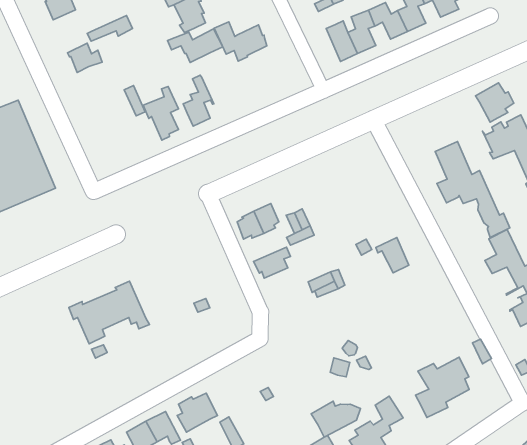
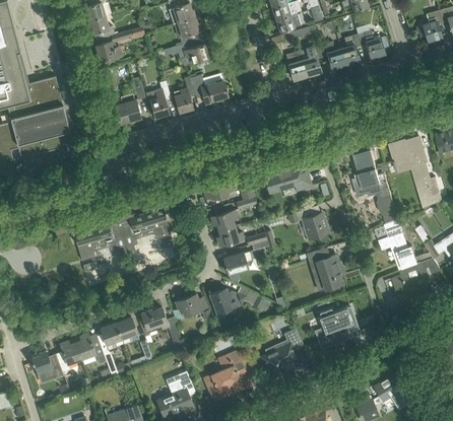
building: none -> [88,16,115,40]
building: [214,22,267,61] -> [191,75,228,104]
building: [476,83,514,122] -> none
building: none -> [115,93,140,124]
building: none -> [264,162,311,193]
building: none -> [118,205,171,253]
building: none -> [216,225,244,247]
building: none -> [310,256,342,289]
building: none -> [222,251,253,274]
building: none -> [173,293,202,320]
building: [311,401,361,437] -> [209,288,246,313]

